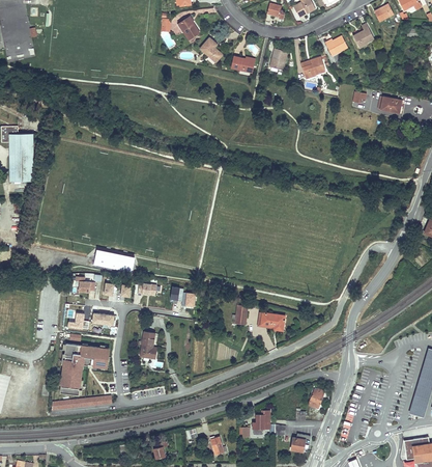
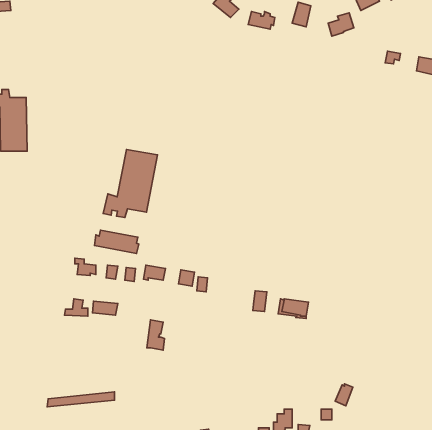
building: none -> [103,150,158,217]
building: [60,344,109,394] -> none

